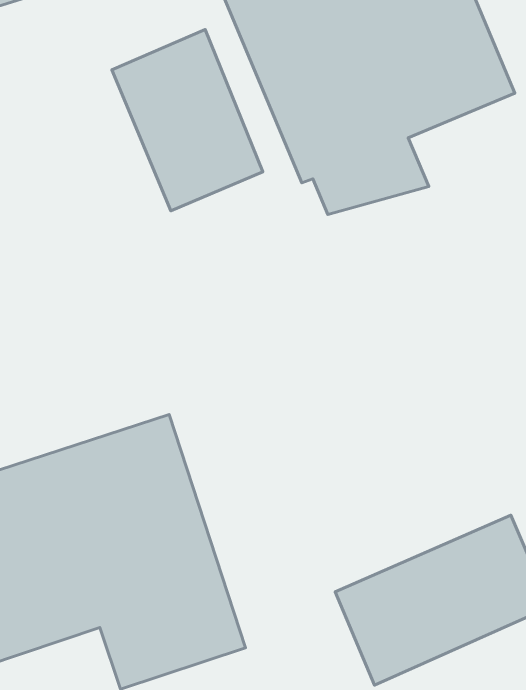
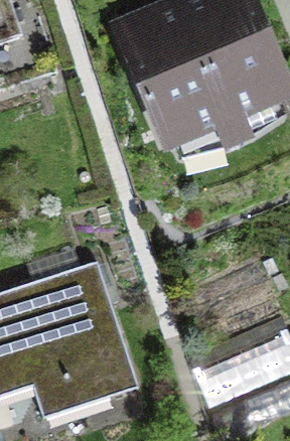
building: [112,30,263,211] -> none

